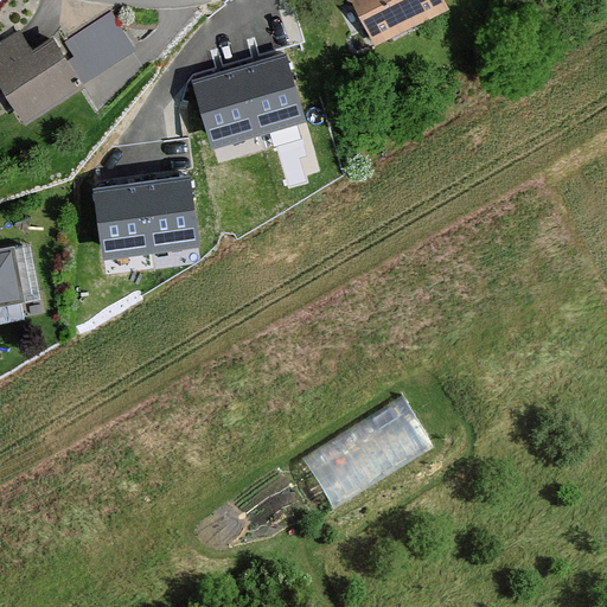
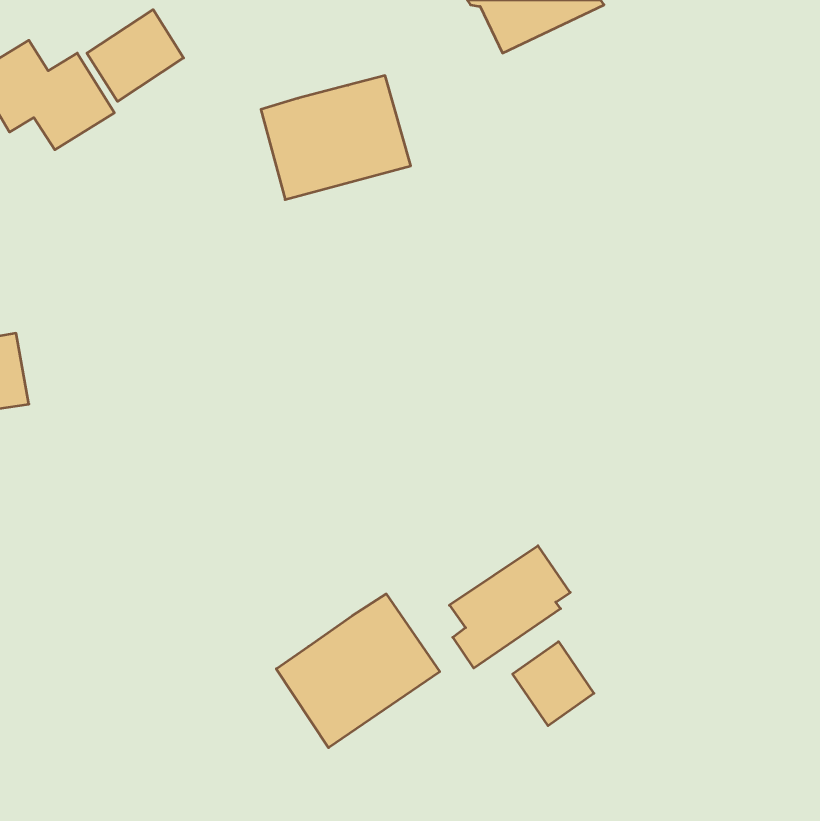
building: [96,178,196,261] -> none
building: none -> [276,594,440,748]
building: none -> [513,642,594,726]

